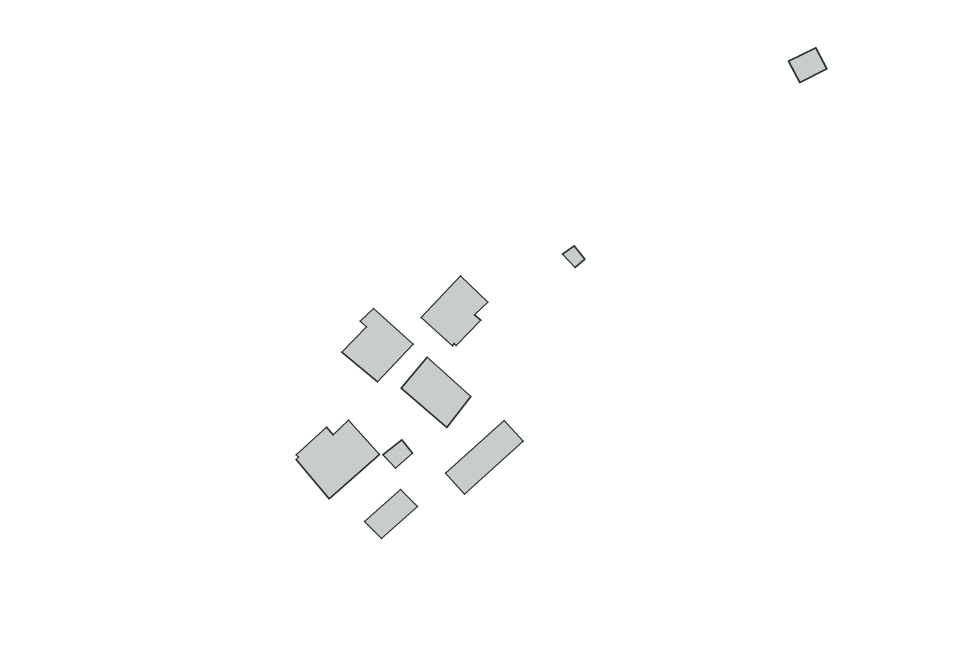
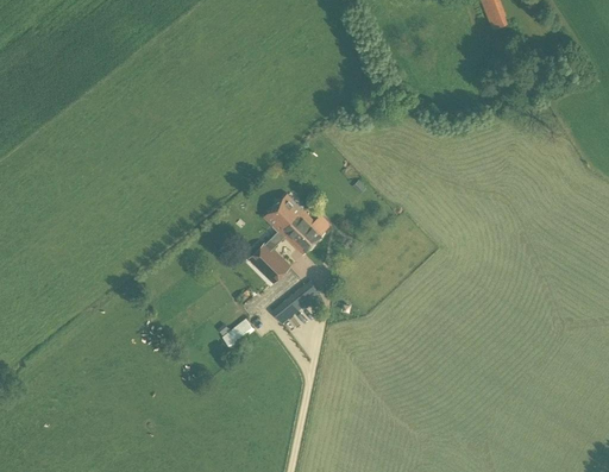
building: [342,309,413,382] -> [283,209,326,253]
building: [296,420,380,499] -> none

